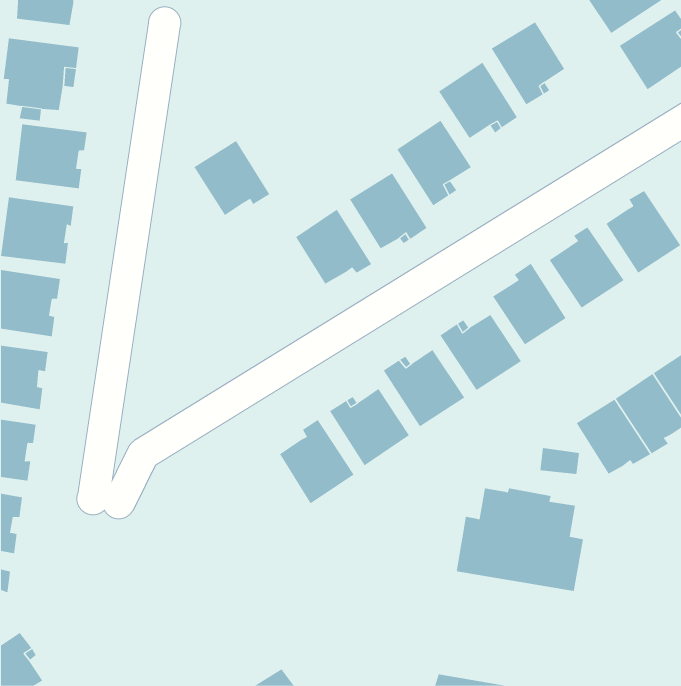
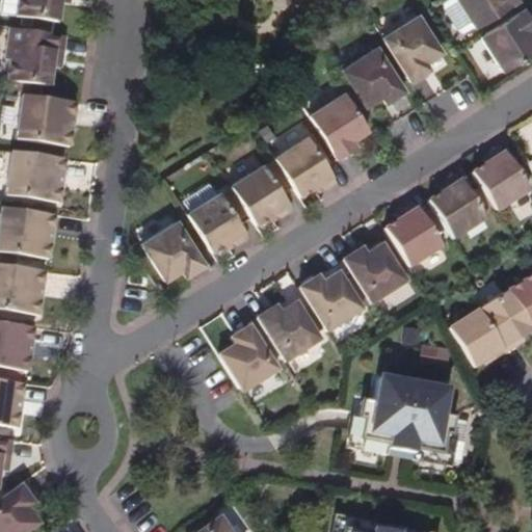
building: [193,140,270,216] -> [190,190,249,248]
building: none -> [149,217,209,275]

